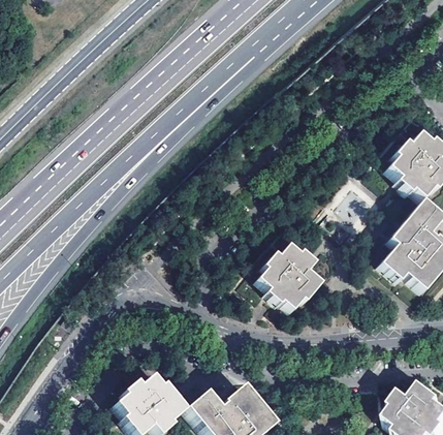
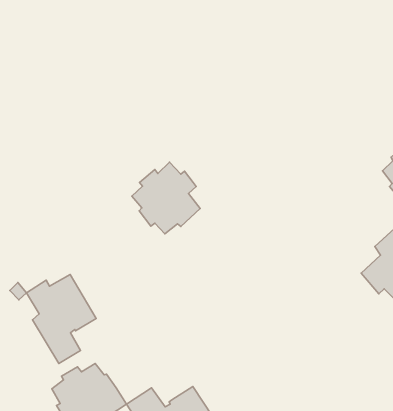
building: [260,242,323,307] -> [132,162,200,234]
building: none -> [27,275,96,364]

